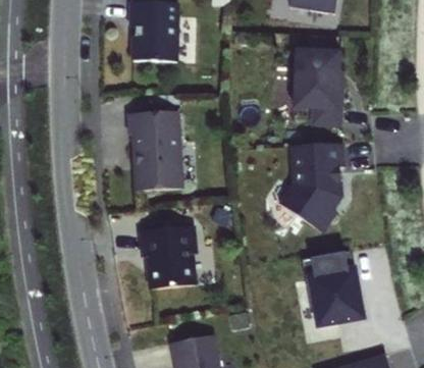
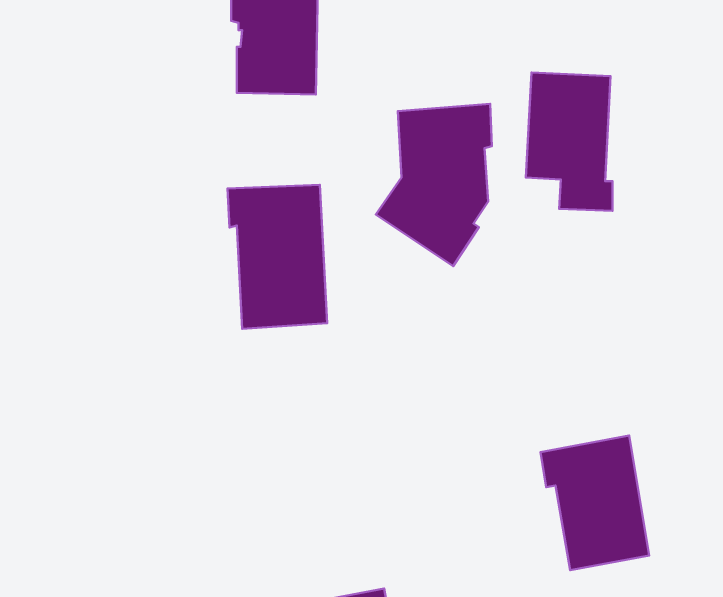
building: [279,143,343,232] -> [376,104,492,266]
building: [140,226,197,290] -> none

